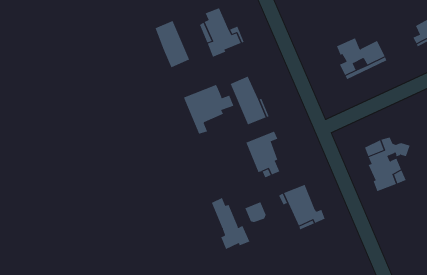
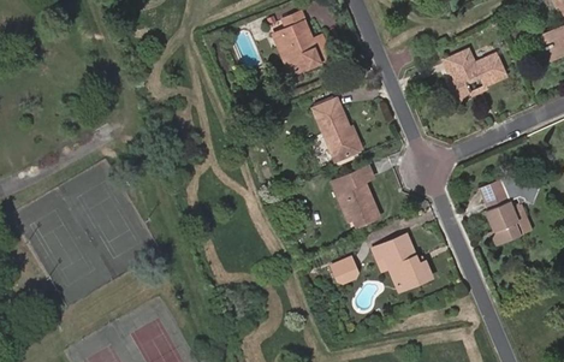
building: [155,20,190,68] -> none
building: [183,84,234,135] -> none
building: [211,197,250,250] -> none

